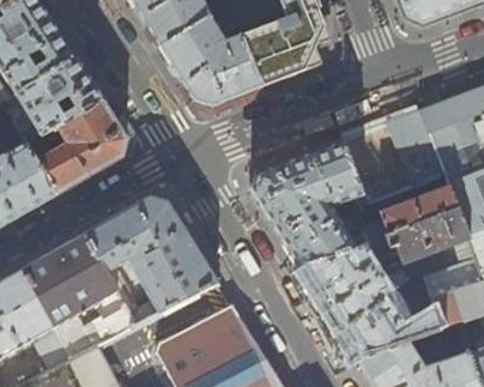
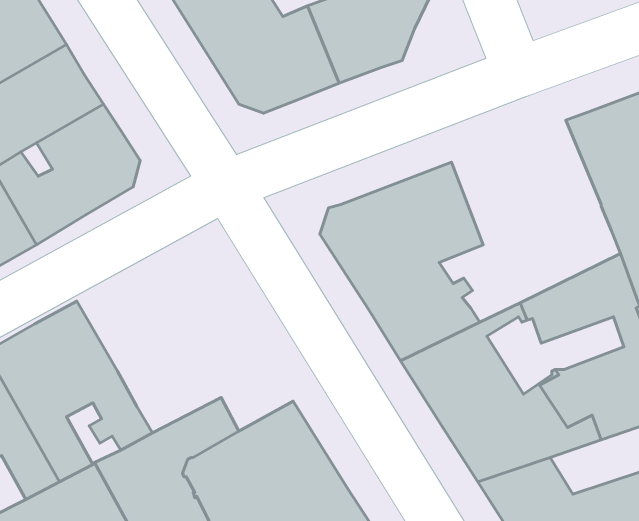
building: [339,111,441,196] -> none
building: [352,187,454,249] -> none
building: [84,196,218,325] -> none

